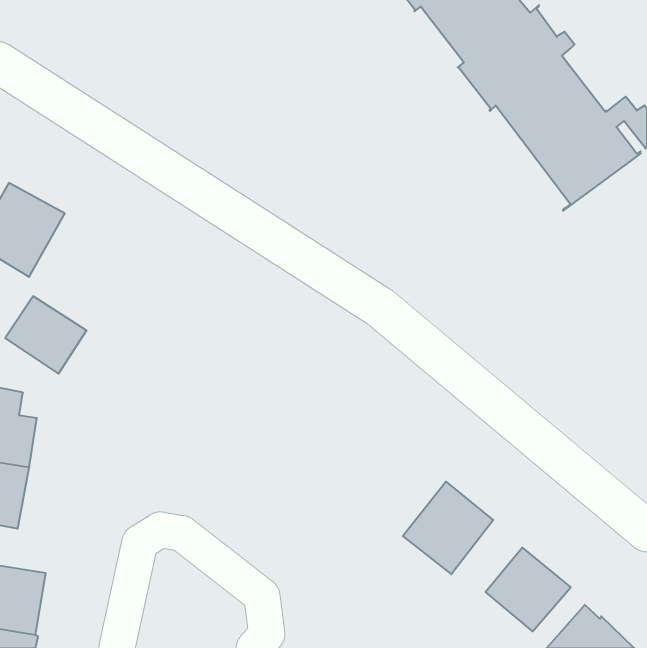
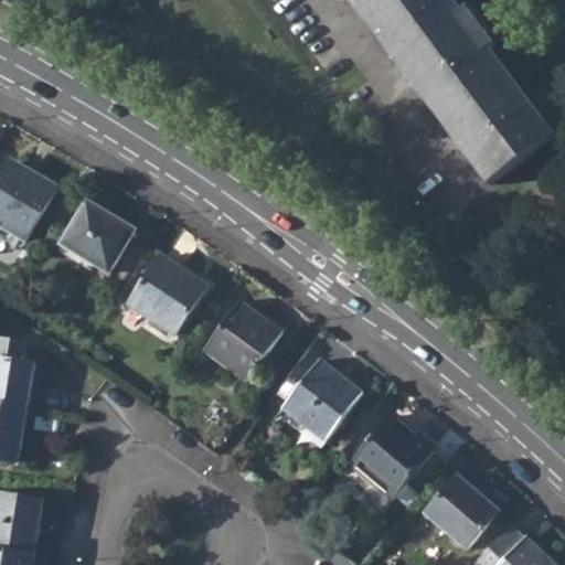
building: none -> [125,254,203,332]
building: [5,296,87,374] -> [62,205,132,273]
building: none -> [198,301,275,379]
building: none -> [284,365,361,445]

